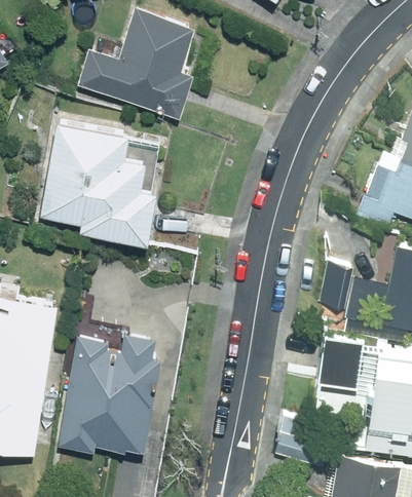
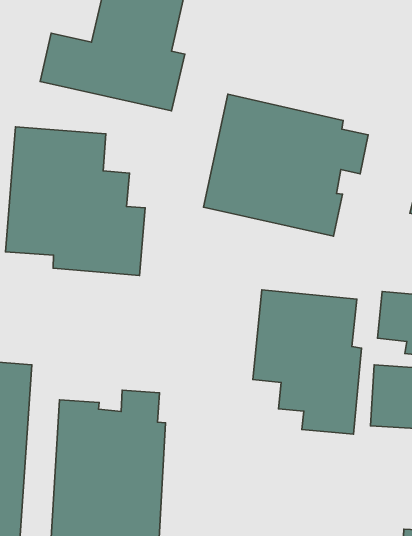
building: none -> [203,94,368,236]
building: none -> [253,290,362,434]

